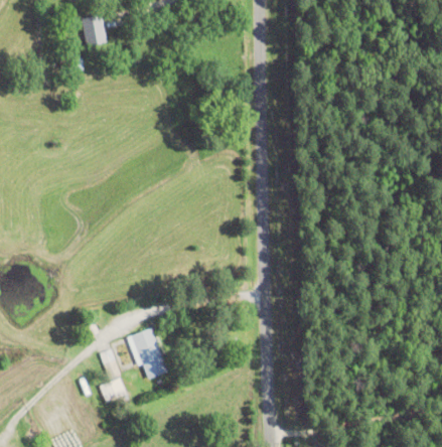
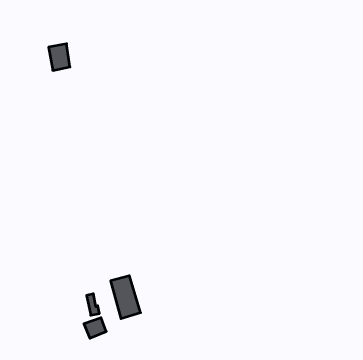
building: [82,14,107,45] -> [49,44,70,70]

